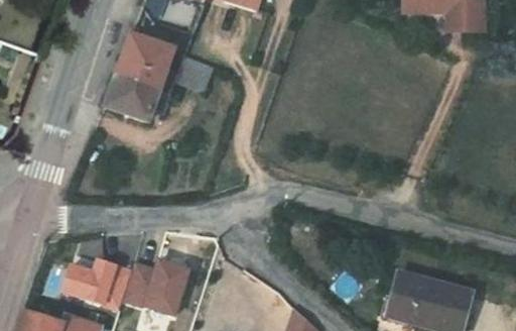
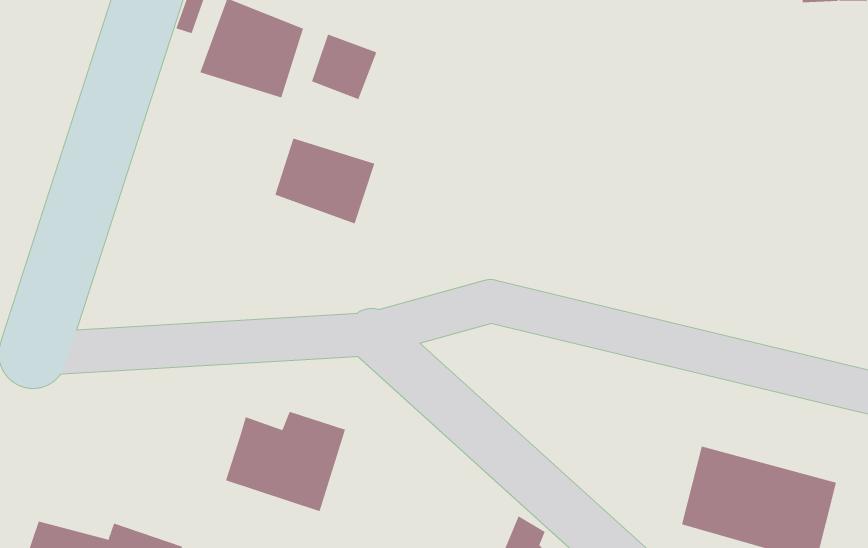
building: [107,69,162,116] -> [275,138,375,224]
building: [66,255,139,309] -> none

